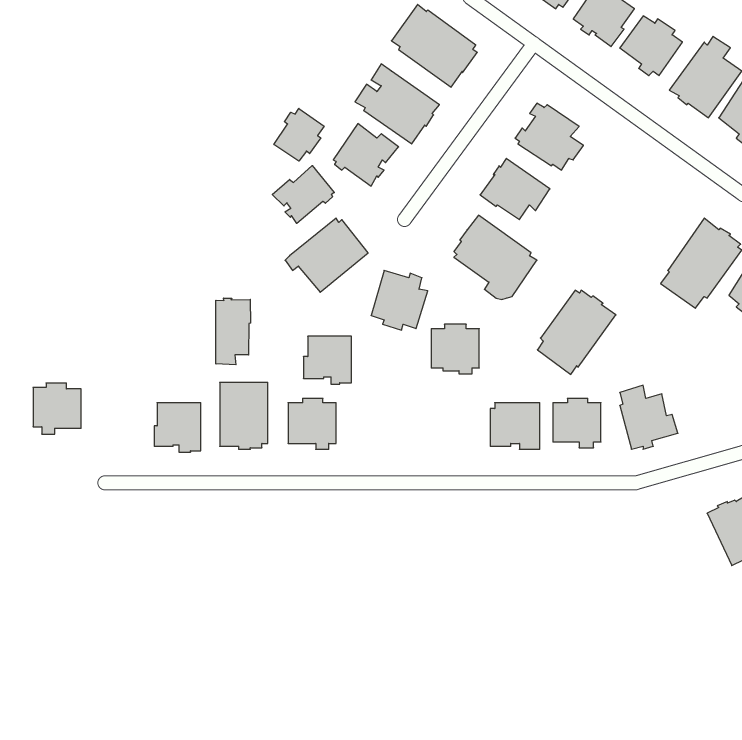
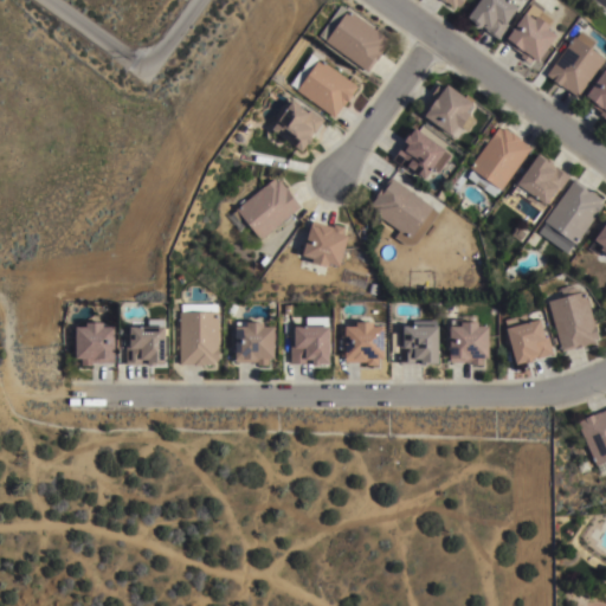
building: [274,108,324,161] -> none
building: [272,166,334,223] -> none
building: none -> [511,154,569,205]
building: [537,290,616,374] -> [468,127,531,195]
building: [216,298,251,365] -> none
building: [431,324,479,374] -> [346,324,385,365]
building: [303,336,351,384] -> [291,329,330,368]
building: none -> [548,290,598,352]
building: [33,383,81,434] -> [75,324,114,366]

